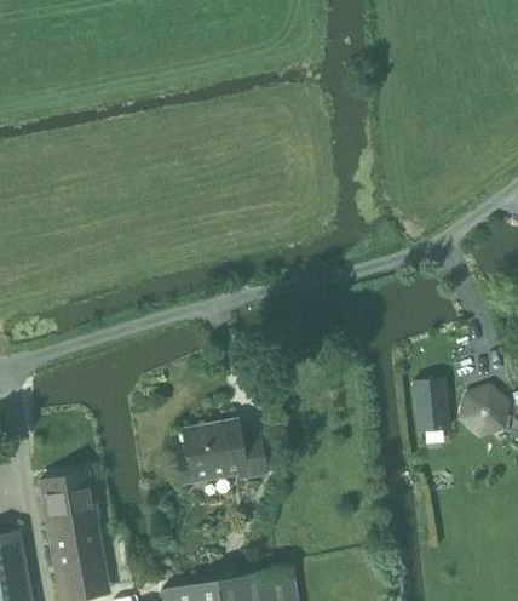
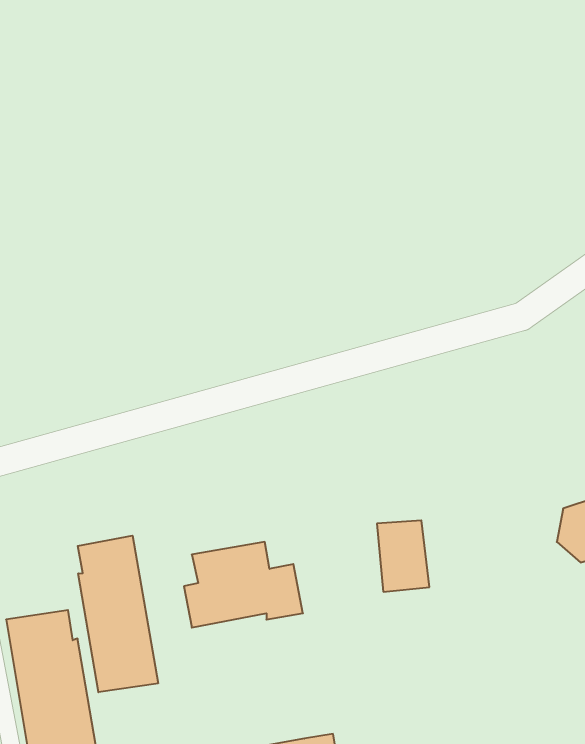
building: [410,378,450,433] -> [377,520,429,592]
building: none -> [78,536,158,692]

